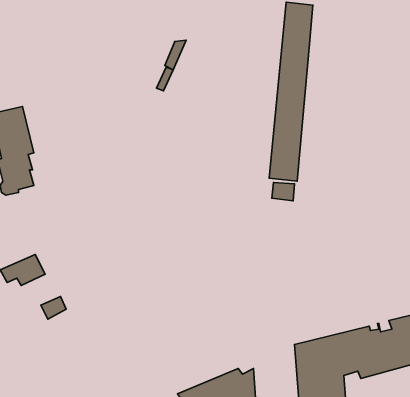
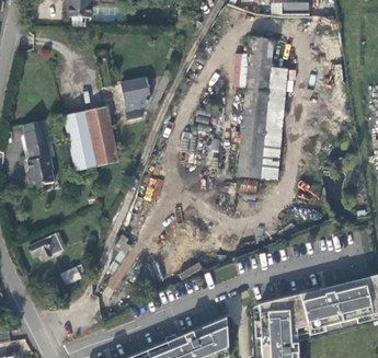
building: none -> [260,68,286,178]
building: none -> [121,78,150,120]
building: none -> [64,106,118,170]

